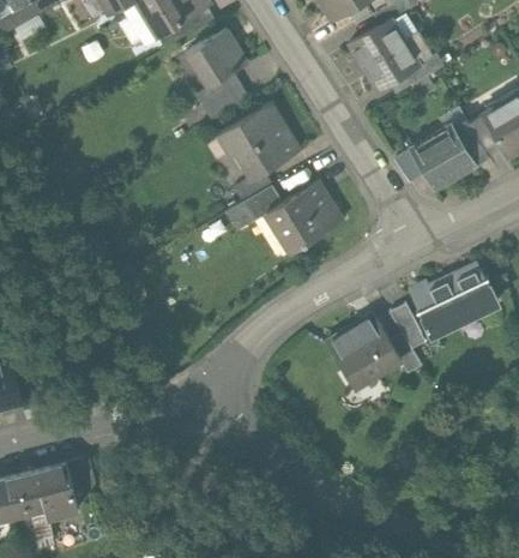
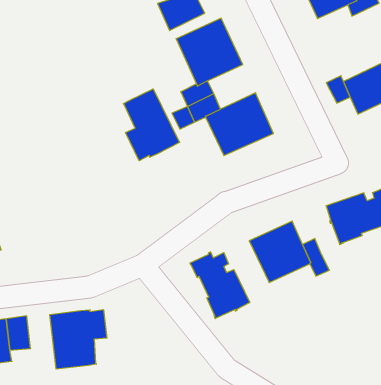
building: none -> [123,89,179,161]
building: [388,306,426,352] -> none
building: none -> [190,252,250,319]
building: none -> [50,310,107,369]

